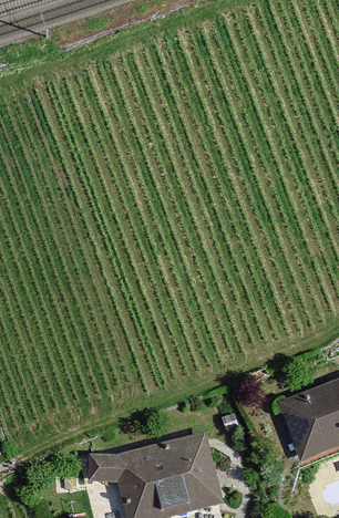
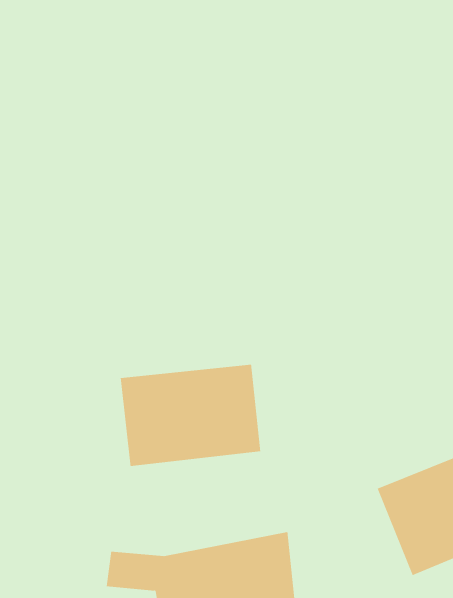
building: none -> [120,364,261,467]

